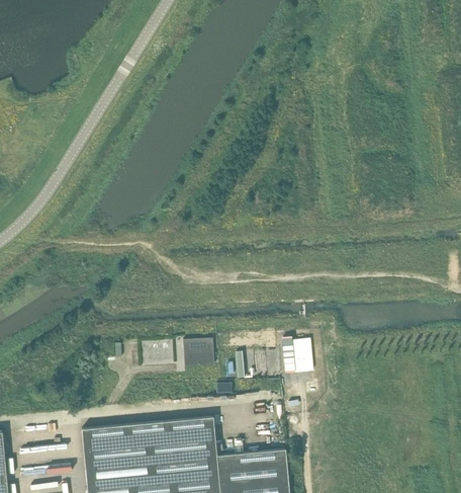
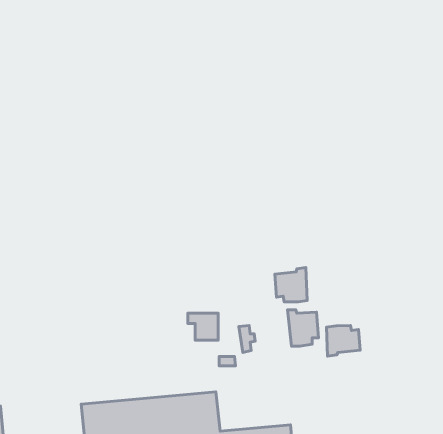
building: none -> [275,268,307,302]
building: none -> [327,325,360,356]

